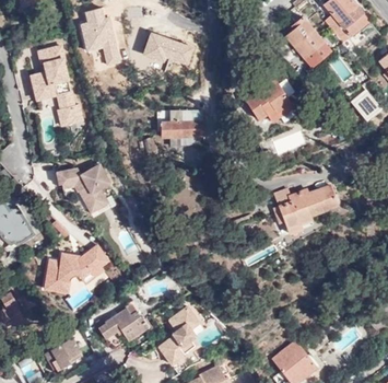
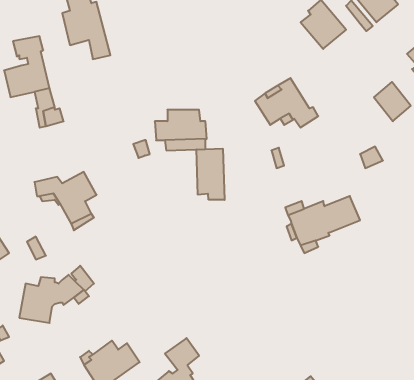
building: [141,32,196,68] -> none
building: none -> [197,149,225,200]

